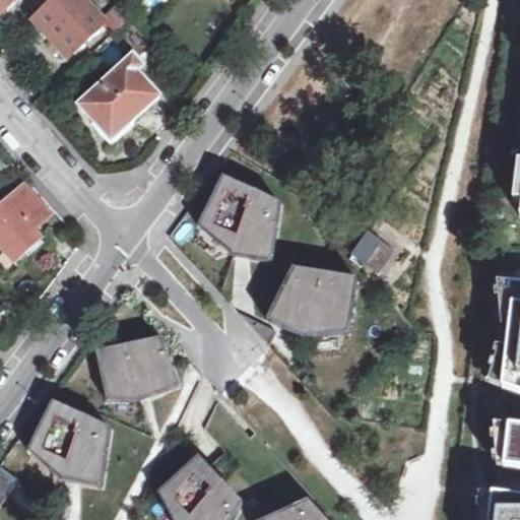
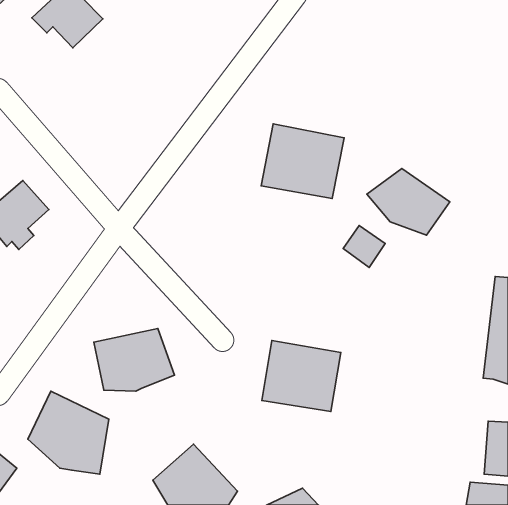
building: [78,58,157,139] -> none
building: none -> [367,169,450,235]
building: [200,188,284,264] -> [261,124,344,199]
building: [275,273,355,345] -> [262,341,341,411]

